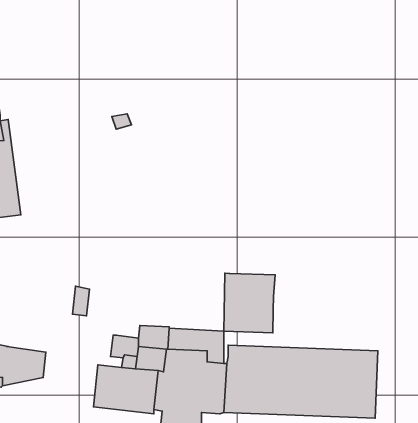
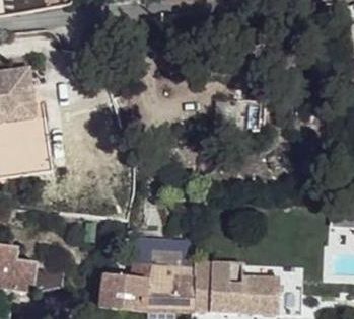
building: [224,273,275,333] -> none

